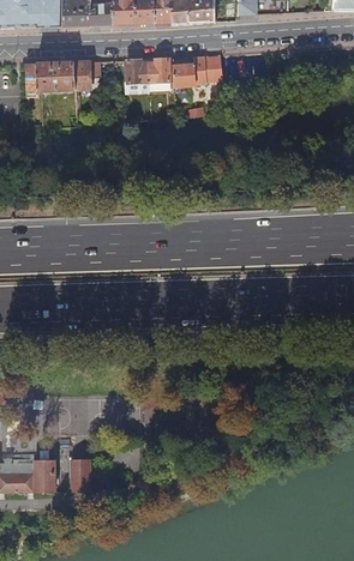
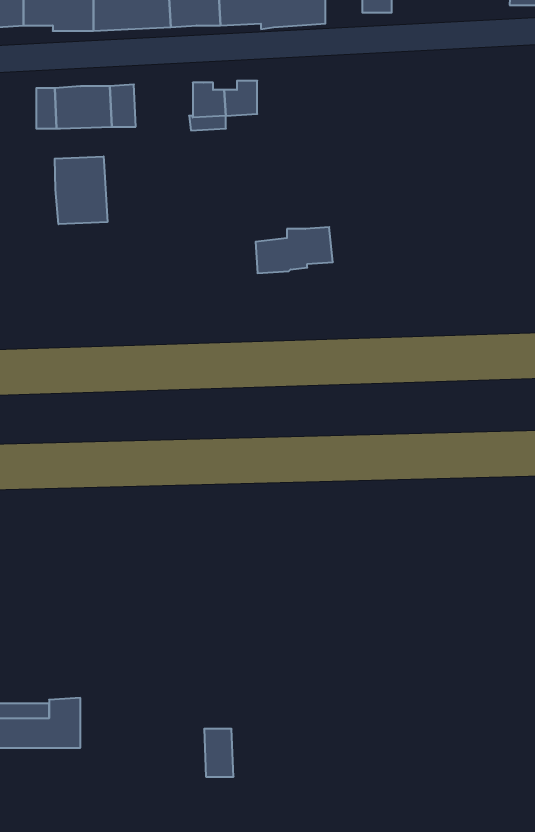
building: [173,55,223,85] -> [256,227,333,273]
building: none -> [55,156,107,224]
building: [71,459,90,490] -> [204,729,234,777]

